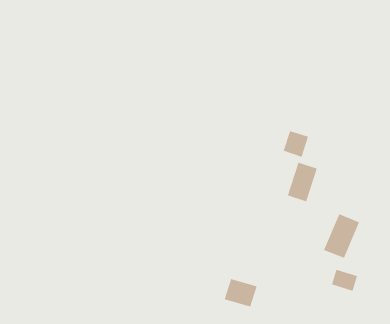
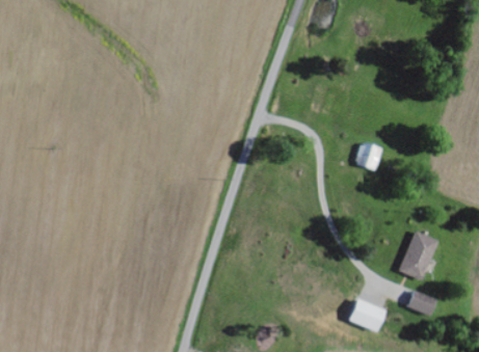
building: [287,162,317,202] -> none
building: [224,278,257,307] -> [349,299,385,330]

